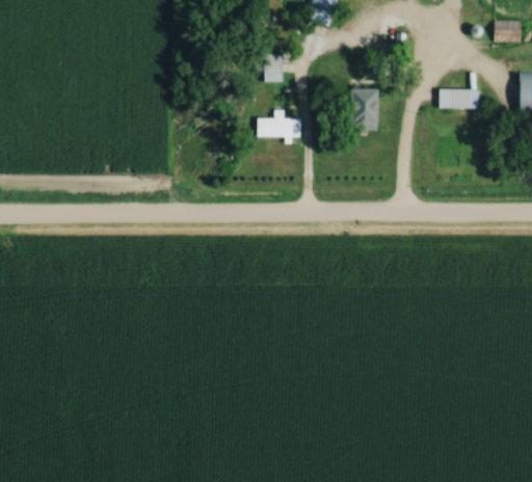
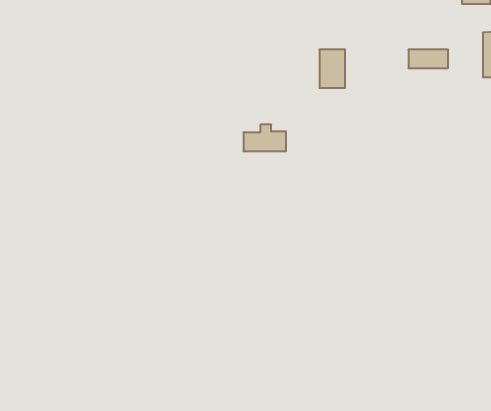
building: [265,55,283,81] -> none
building: [257,110,301,138] -> [243,125,286,151]

